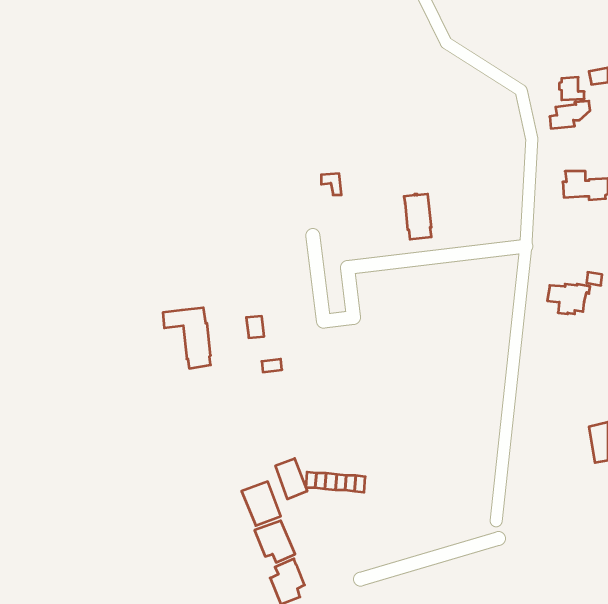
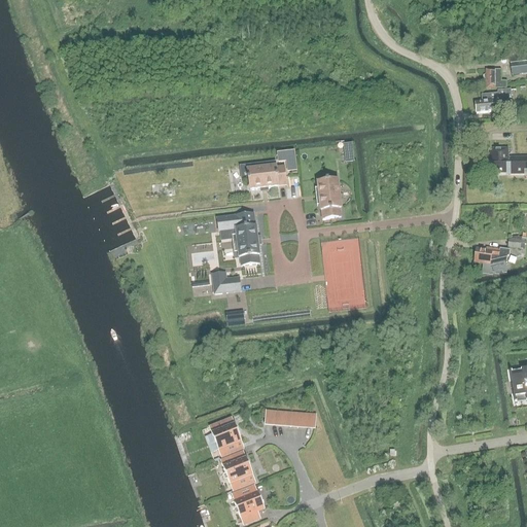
building: none -> [247,165,286,188]
building: [404,194,431,239] -> [317,178,341,217]
building: [163,308,211,368] -> [218,212,259,265]
building: [276,458,307,499] -> none

